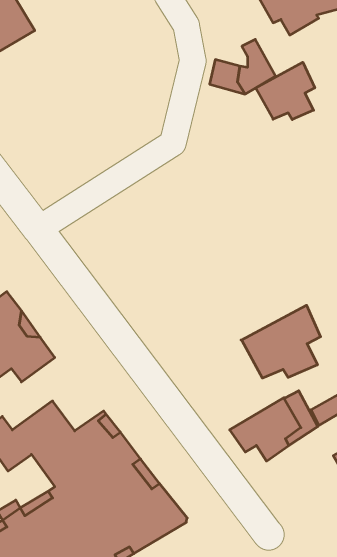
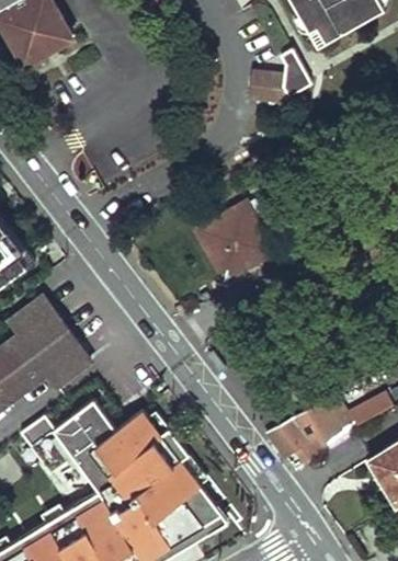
building: [255,62,315,120] -> none
building: none -> [196,213,274,283]
building: [241,305,321,378] -> none

